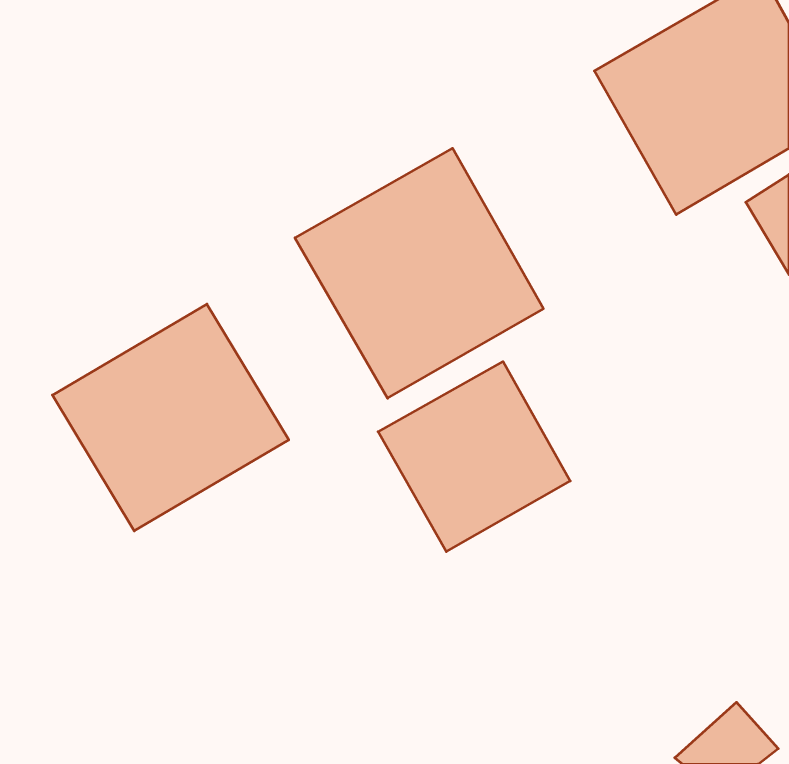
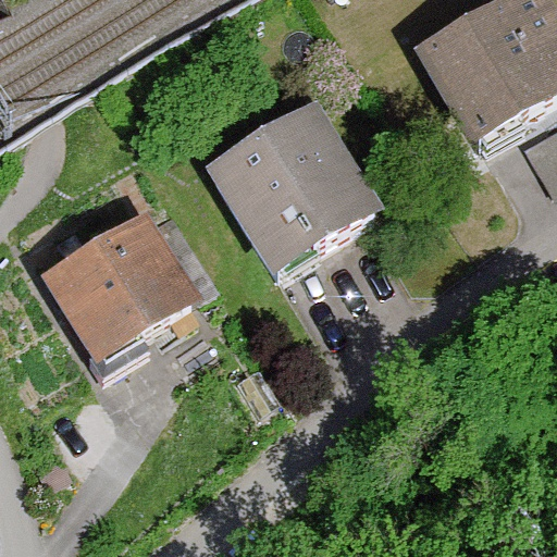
building: [378,362,570,552] -> none

